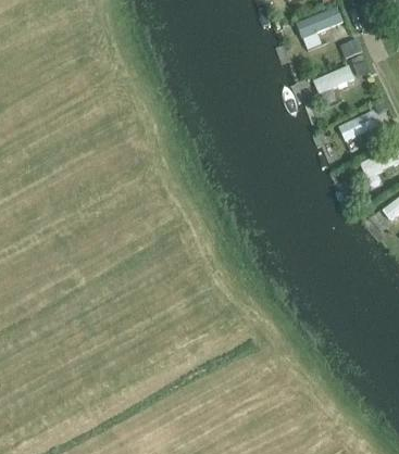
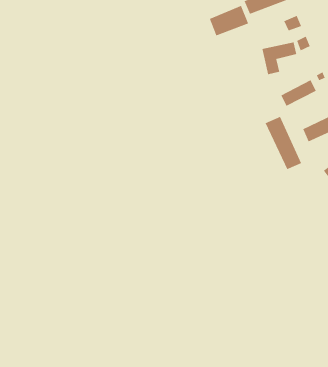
building: none -> [209,5,249,36]
building: none -> [265,116,302,170]

